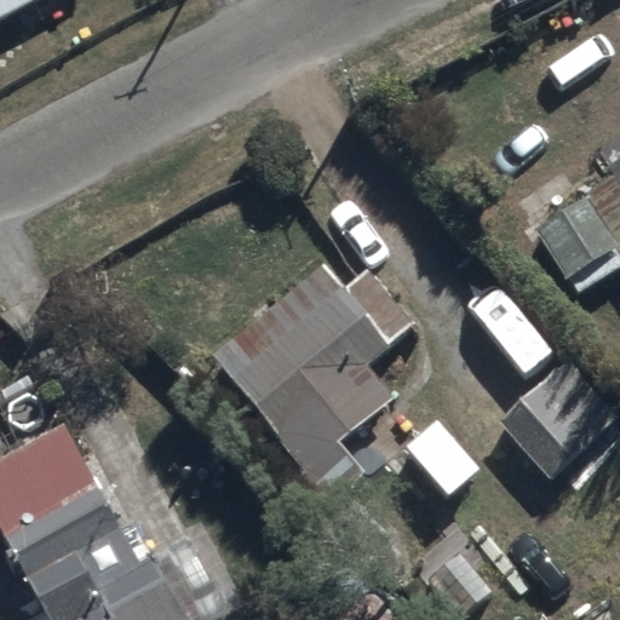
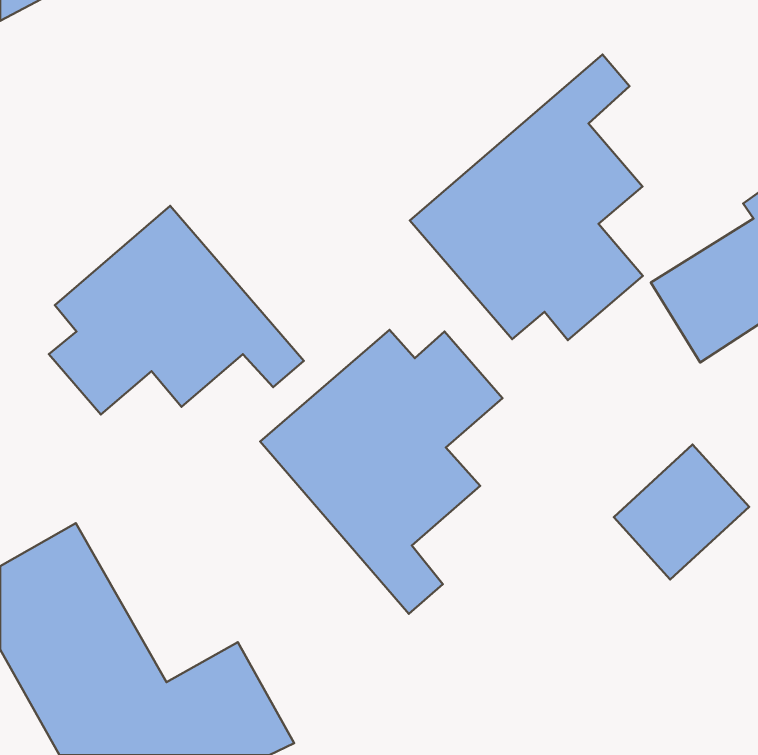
building: none -> [410,54,643,340]
building: none -> [49,206,304,415]

